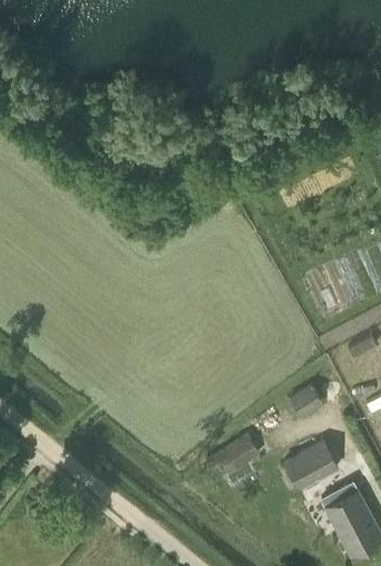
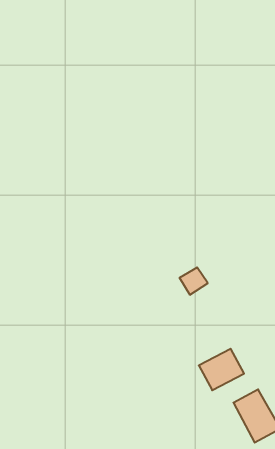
building: [288,385,324,419] -> [179,267,208,295]
building: [203,434,260,475] -> none

